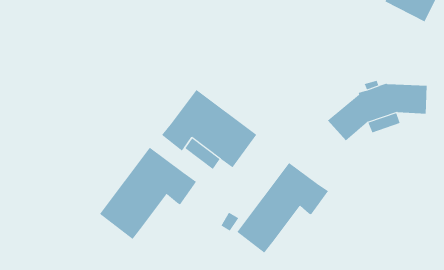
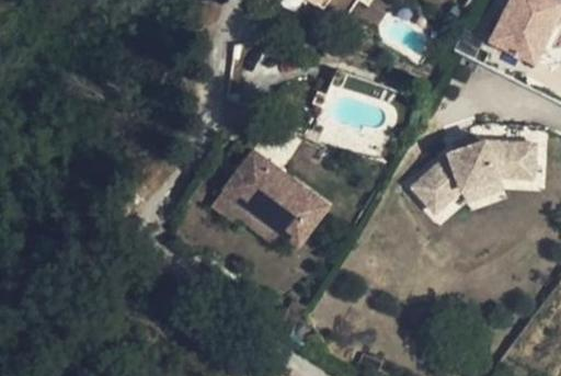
building: [99,147,197,240] -> none
building: [237,162,329,254] -> none

